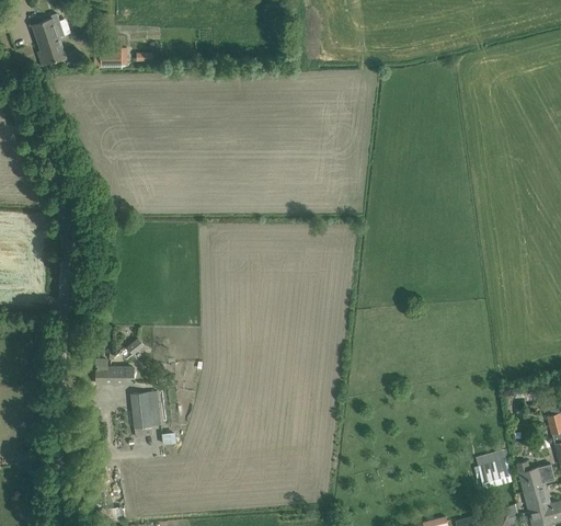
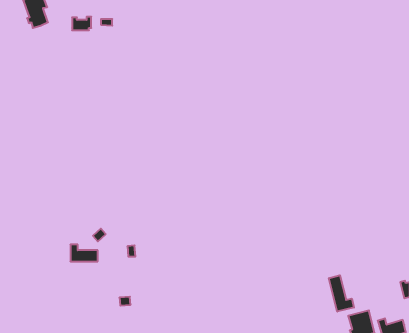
building: [130,390,160,427] -> none
building: none -> [329,275,354,312]

